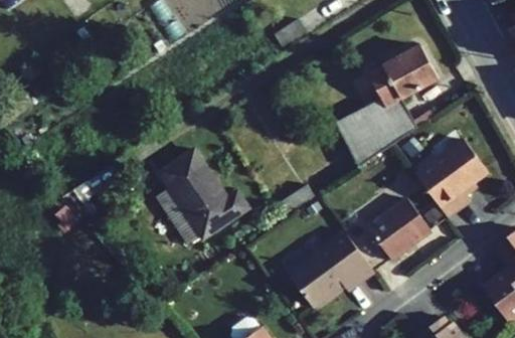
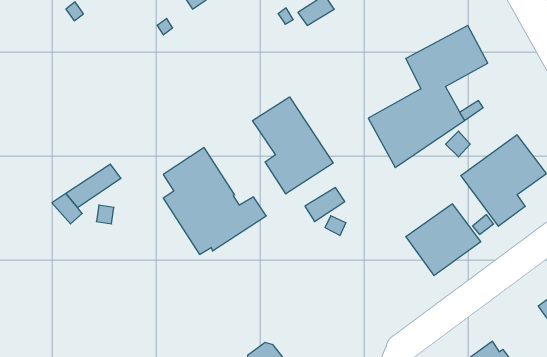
building: none -> [253,97,333,194]
building: [289,231,374,307] -> none

